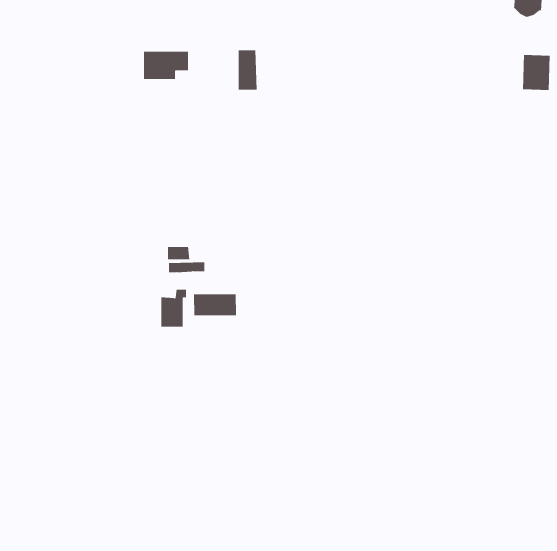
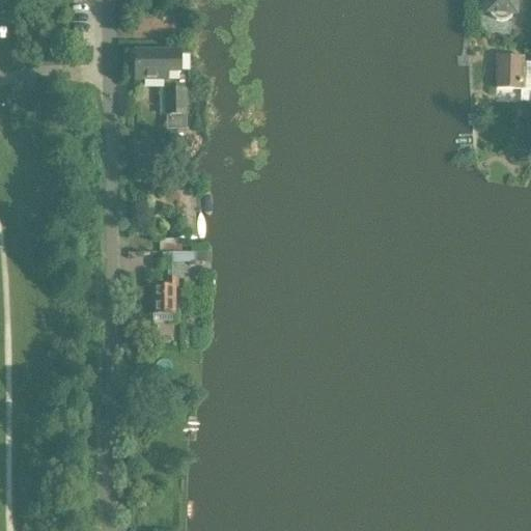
building: [238,50,257,90] -> [167,86,186,124]
building: [193,293,237,316] -> none

